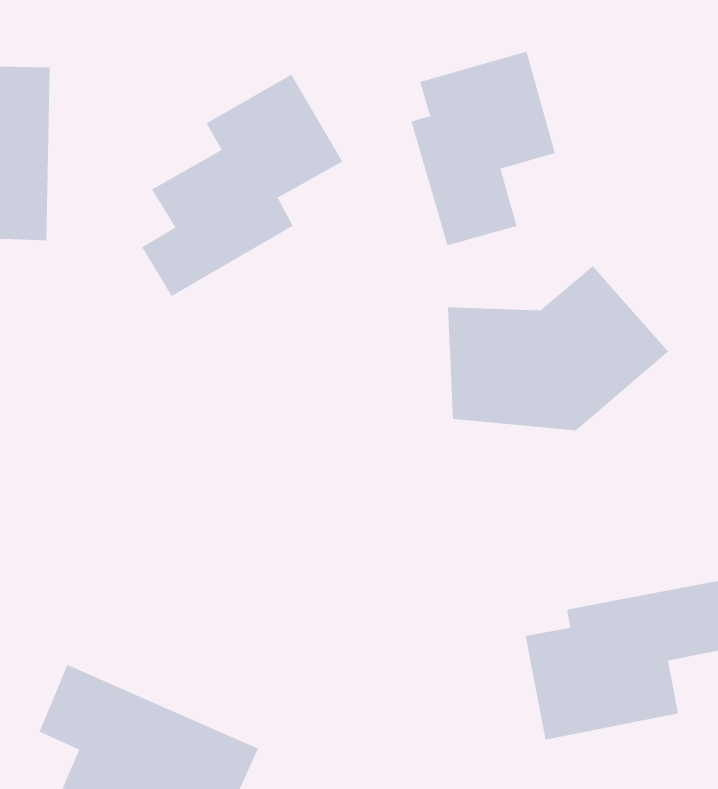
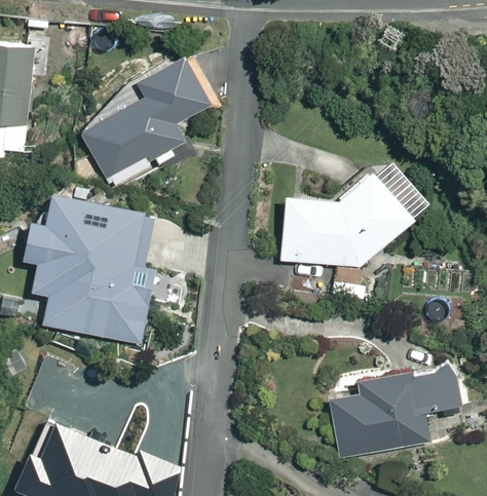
building: [411,51,556,246] -> none
building: none -> [15,187,155,352]

